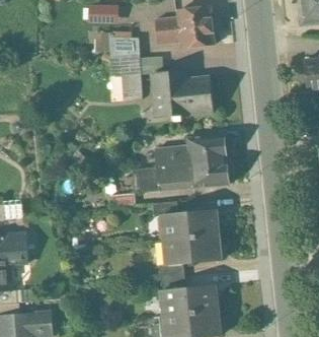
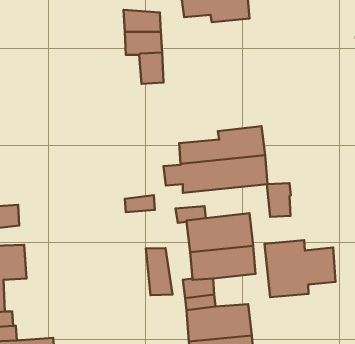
building: [151,71,213,118] -> none
building: none -> [267,183,291,217]
building: none -> [265,240,336,297]
building: none -> [146,248,172,295]

